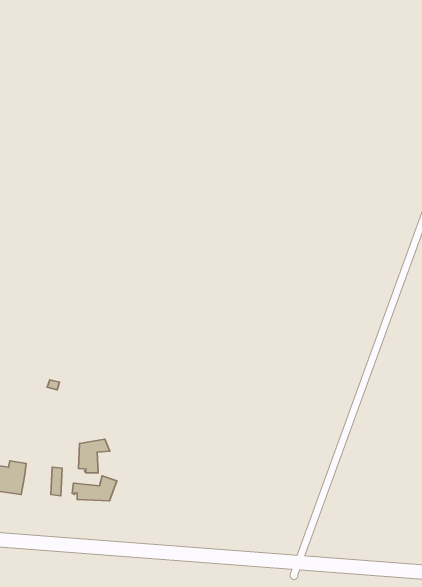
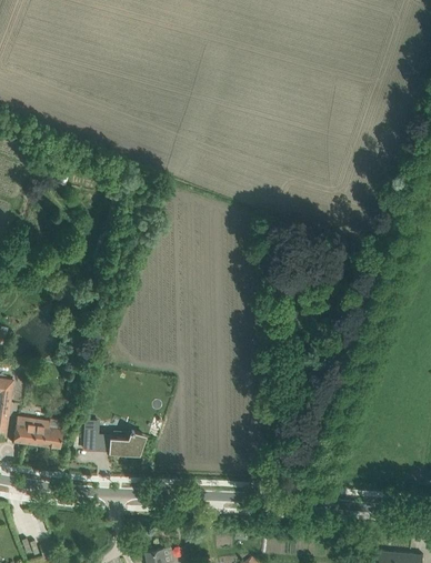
building: [78,439,110,473] -> none

